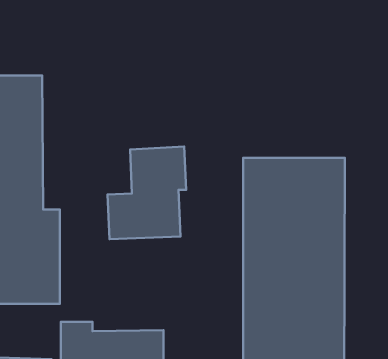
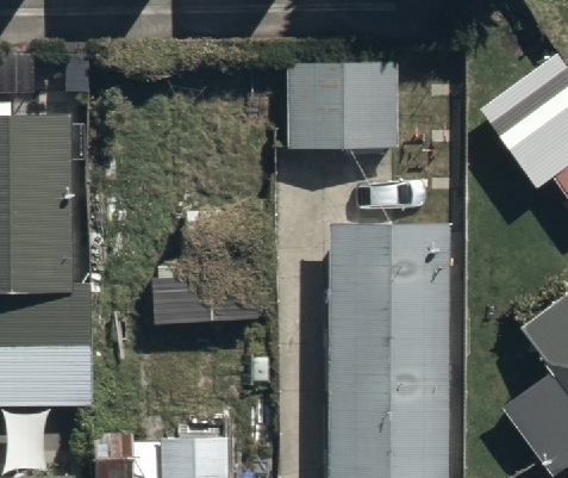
building: none -> [282,60,400,154]

